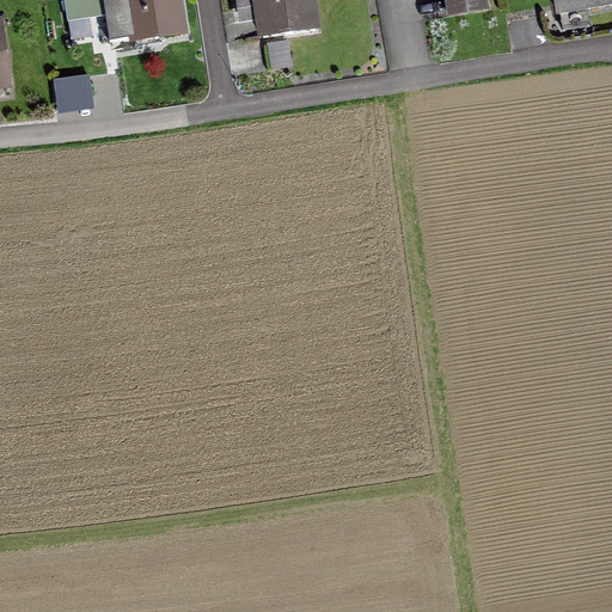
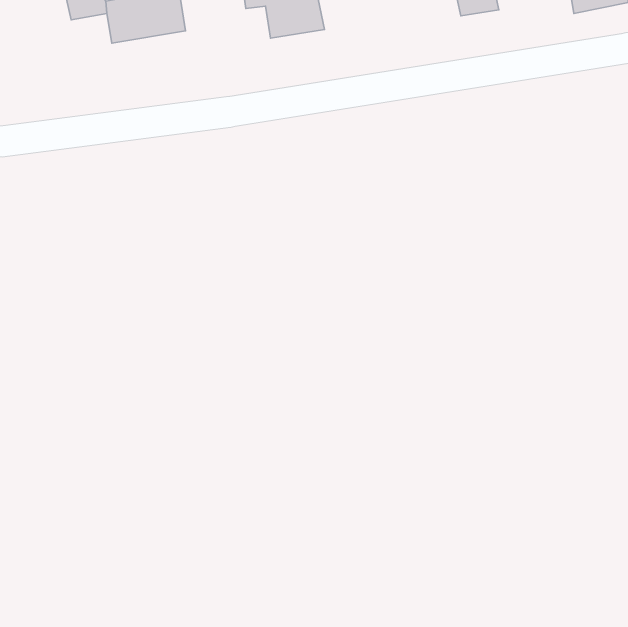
building: [54,74,96,114] -> none

